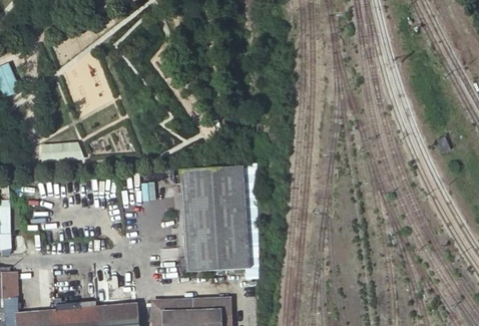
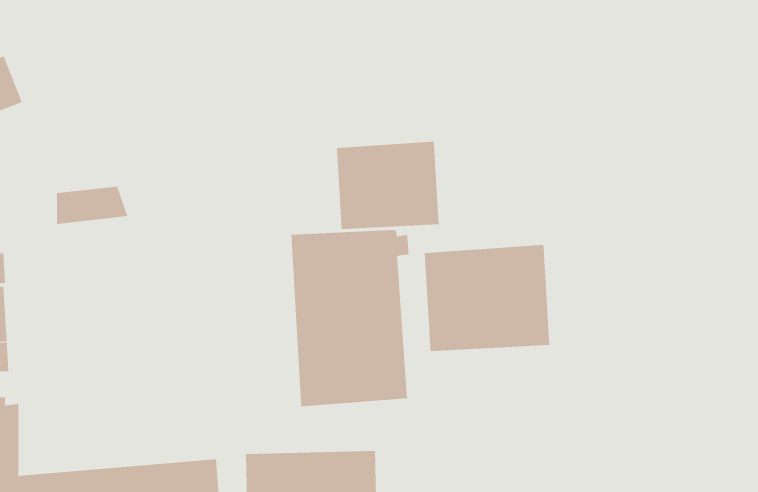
building: none -> [336,141,439,230]
building: none -> [424,244,550,352]

